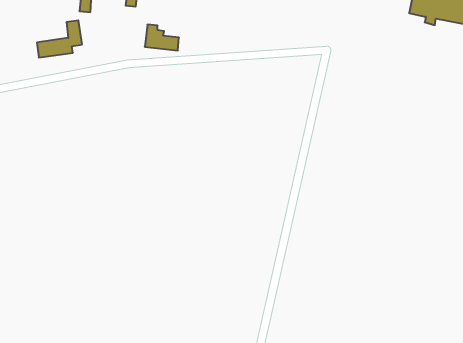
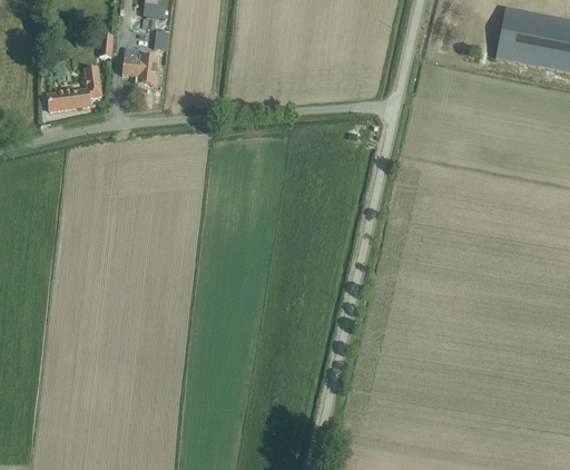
building: [145,25,179,50] -> [121,47,163,78]

